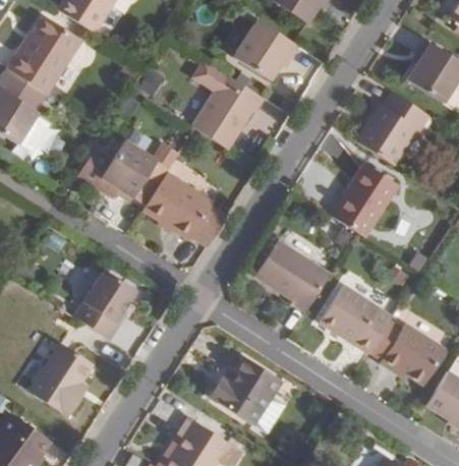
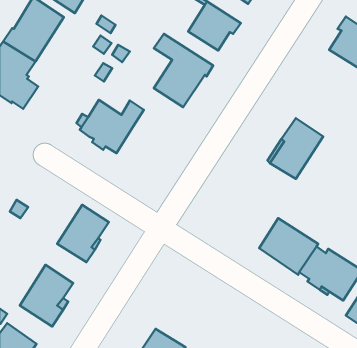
building: [355,91,428,164] -> none
building: [142,172,226,245] -> none
building: [253,238,330,311] -> none
building: [207,353,285,431] -> none

